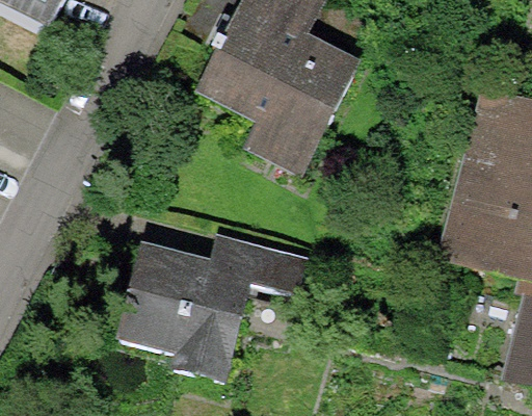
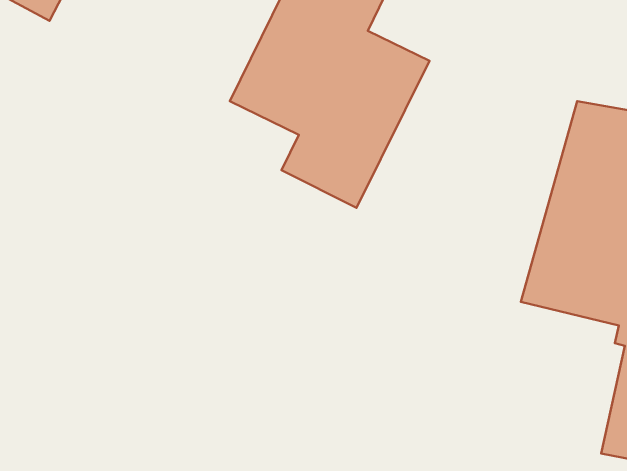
building: [114,234,311,383] -> none

